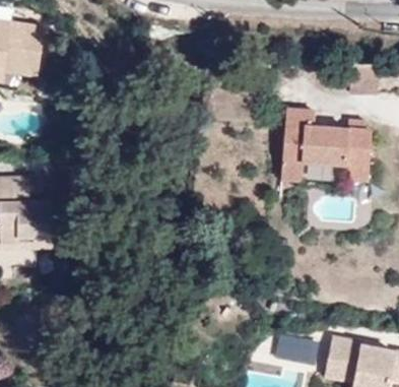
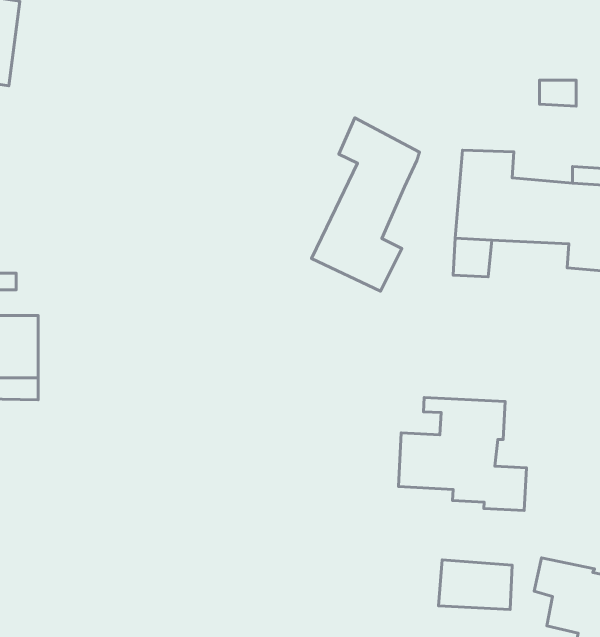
building: none -> [312,118,419,291]
building: none -> [398,397,526,511]

